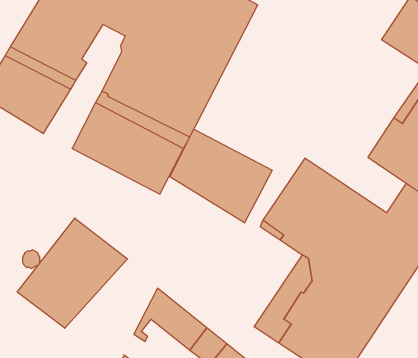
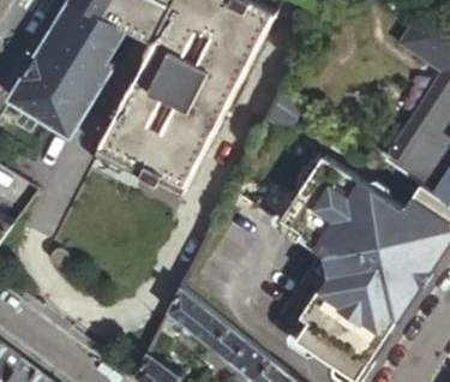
building: [170,129,272,223] -> none
building: [17,218,128,328] -> none

